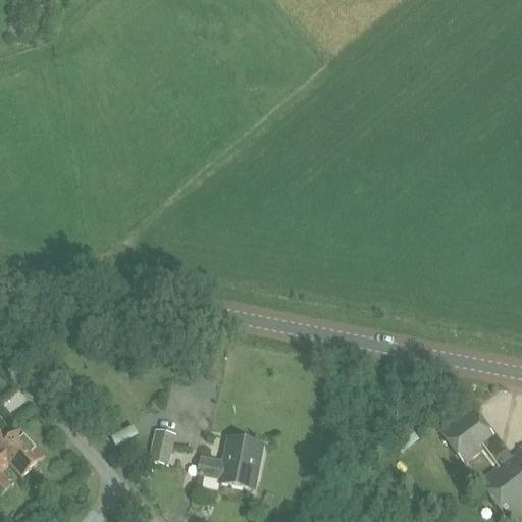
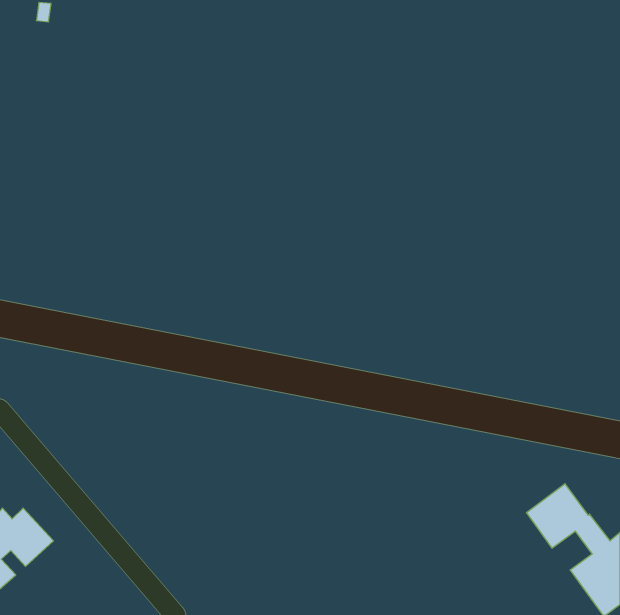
building: [149,427,175,464] -> none
building: [197,435,255,485] -> none

